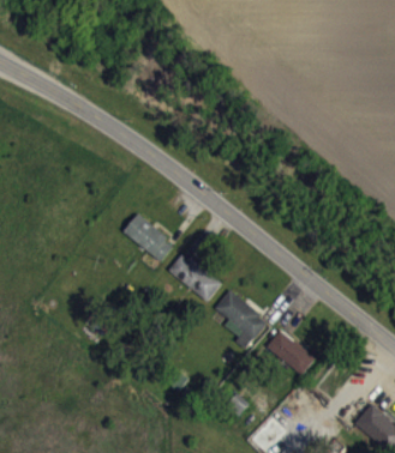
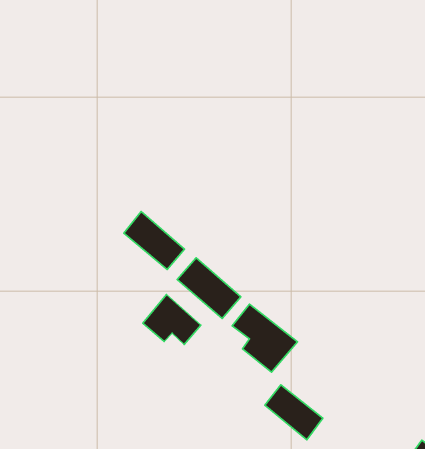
building: none -> [143,294,201,345]
building: [267,330,315,375] -> [265,385,323,440]

